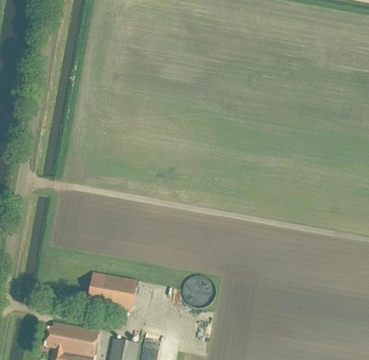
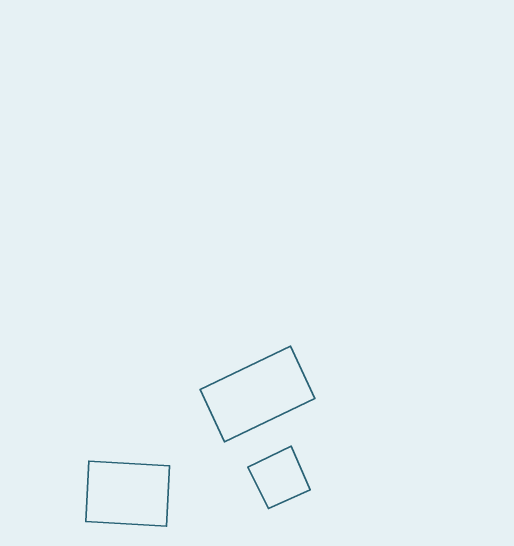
building: none -> [200,346,315,442]

